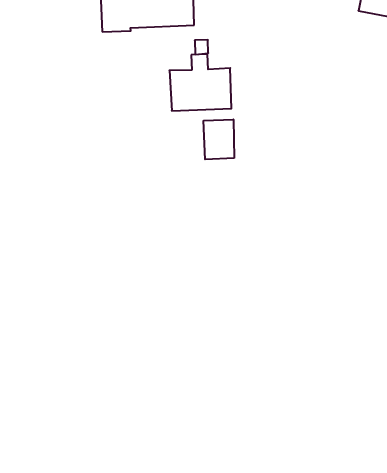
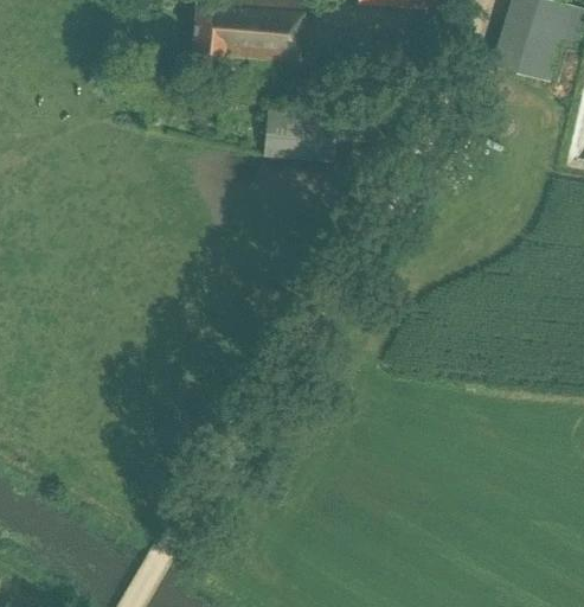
building: [204,119,234,159] -> none

